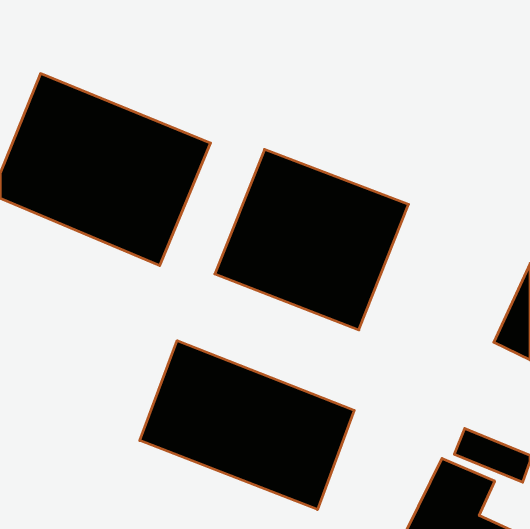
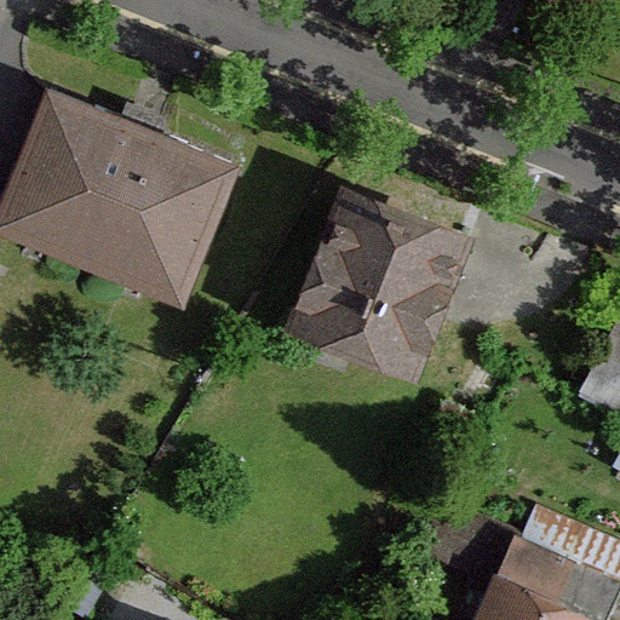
building: [140,341,354,510] -> none

